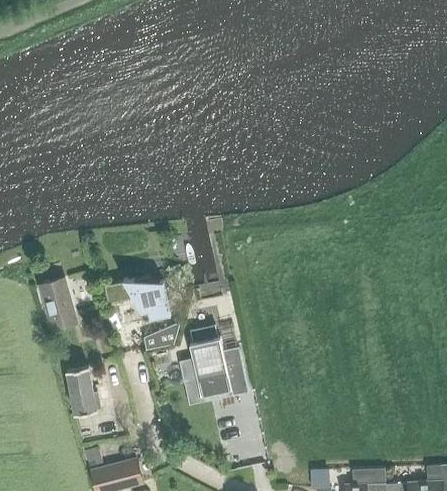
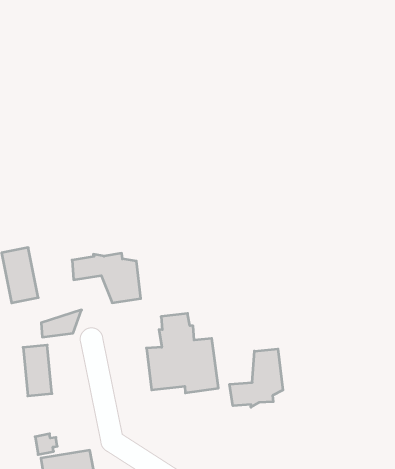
building: [143,322,179,350] -> [41,310,82,337]
building: none -> [230,349,283,407]

